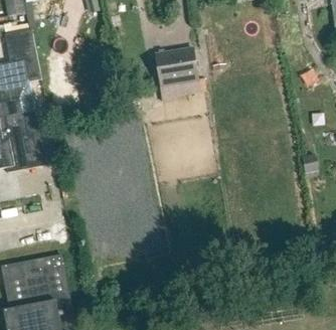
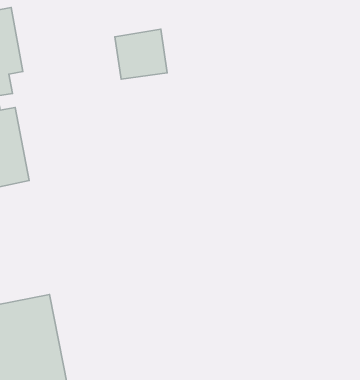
building: [156,45,197,85] -> [115,29,167,79]

